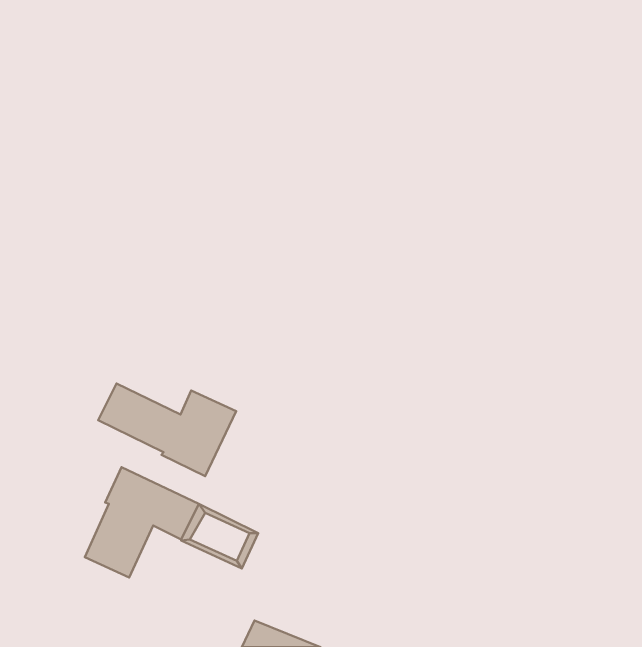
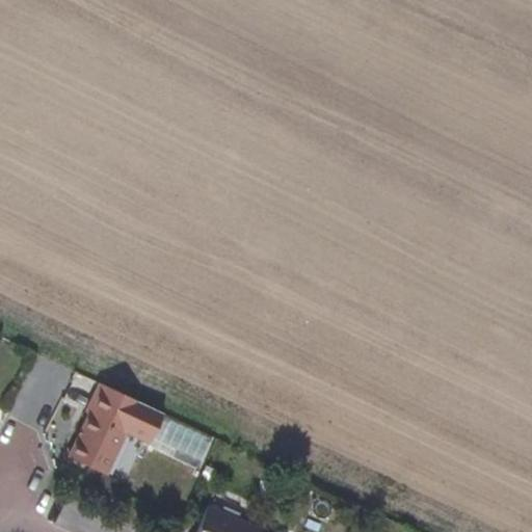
building: [98,384,236,476] -> none

